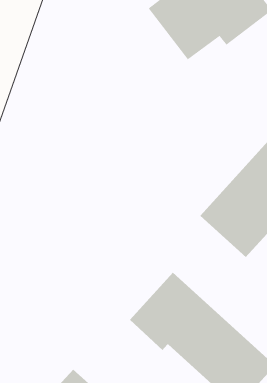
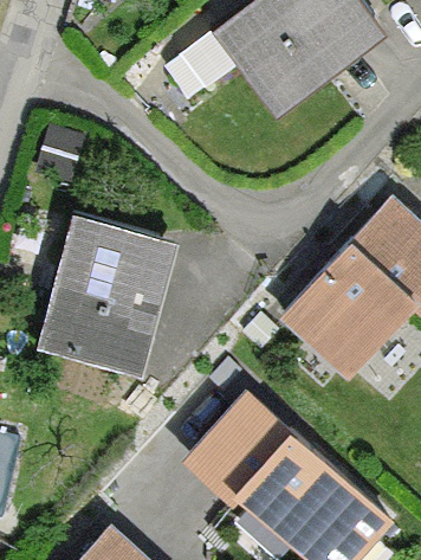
building: none -> [38,217,174,371]

